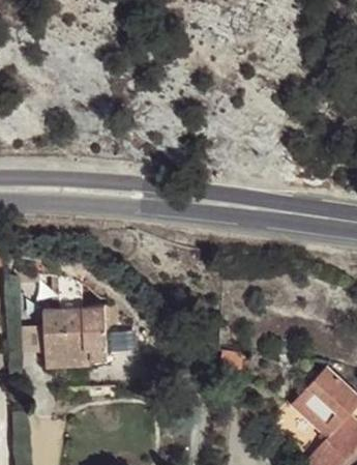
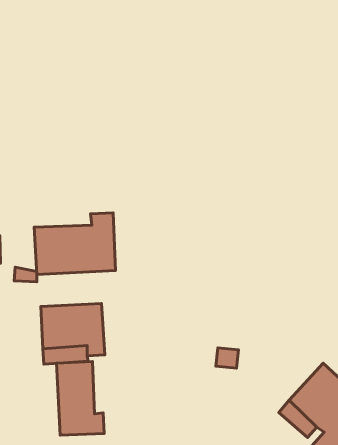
building: none -> [34,213,115,274]
building: none -> [57,361,104,435]

